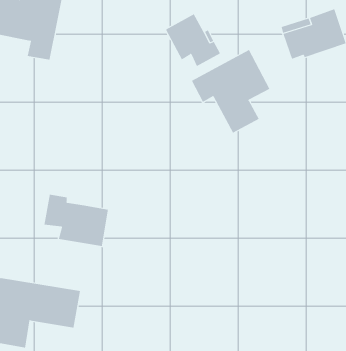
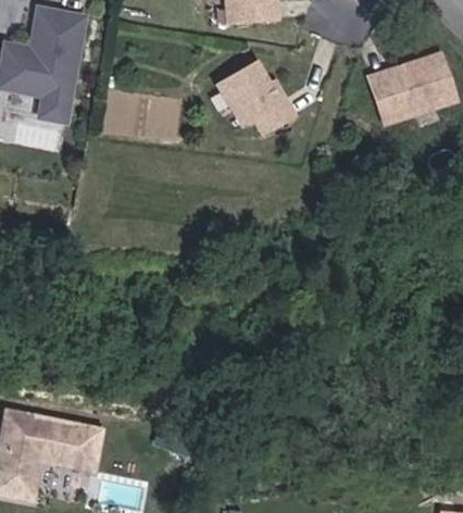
building: [191,49,270,134] -> none
building: [44,194,109,247] -> none

